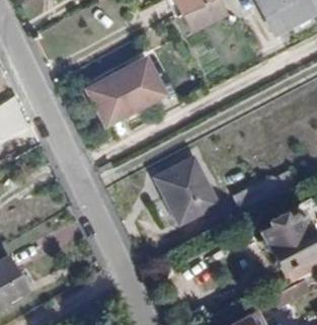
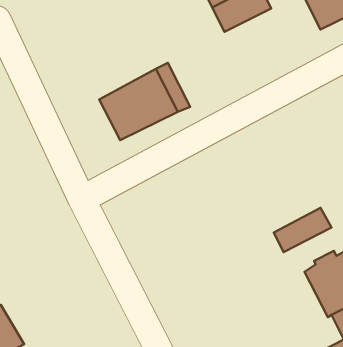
building: [155,158,217,223] -> none

